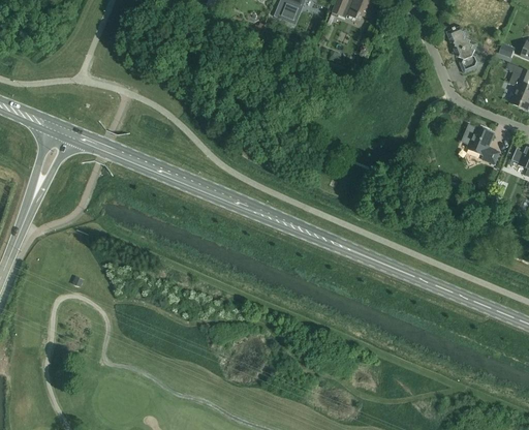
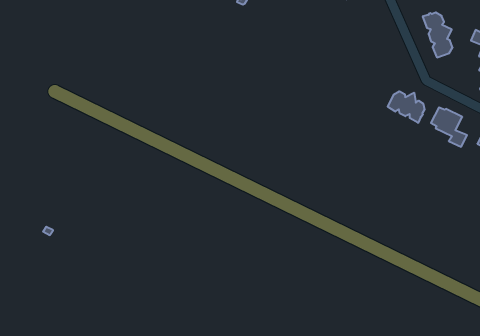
building: none -> [388,91,425,123]

